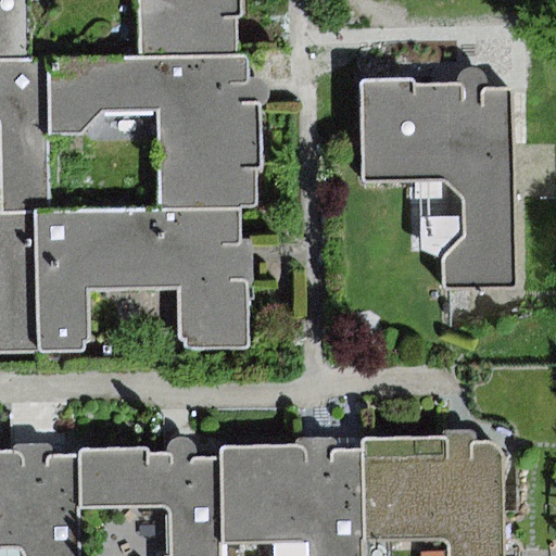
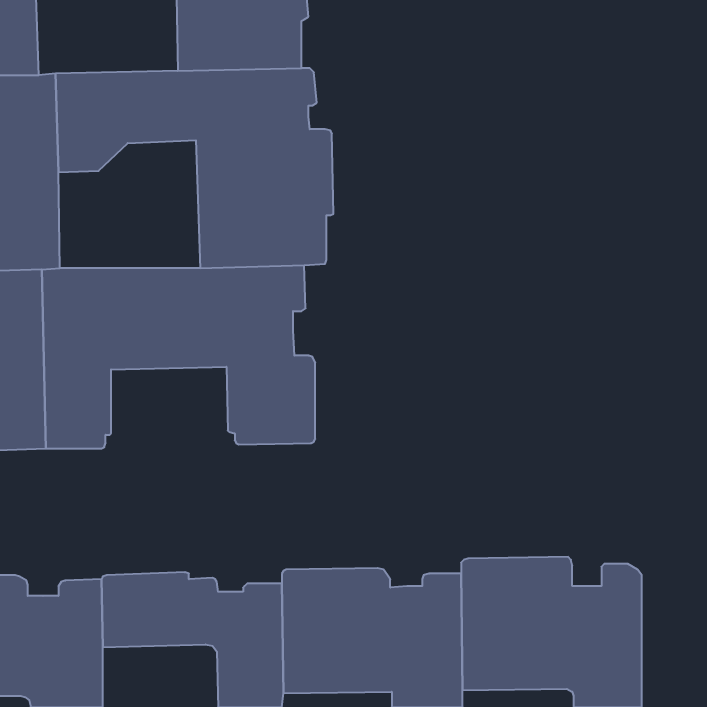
building: [358,78,515,288] -> none

